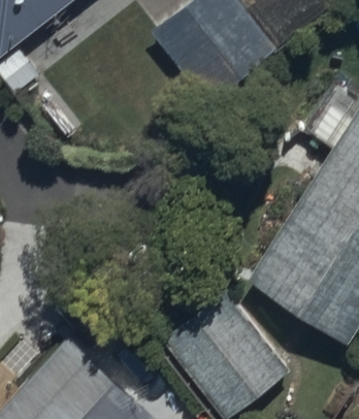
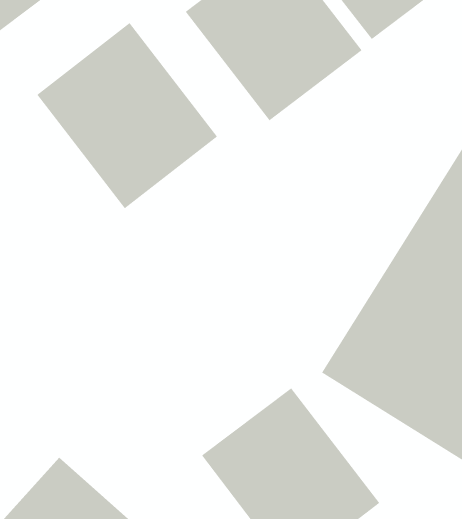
building: none -> [37,22,218,209]

